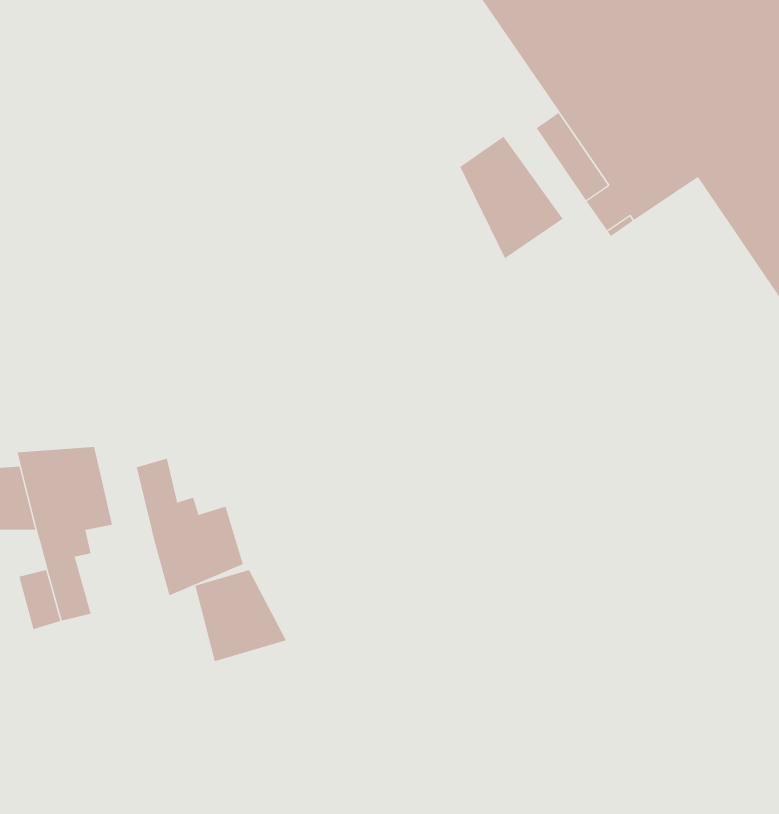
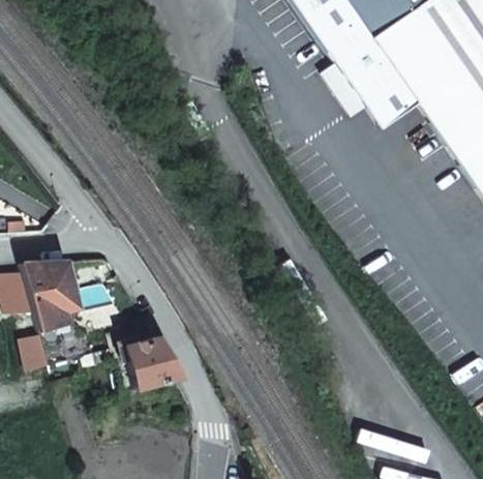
building: [459,136,563,259] -> none
building: [136,458,244,596] -> none

